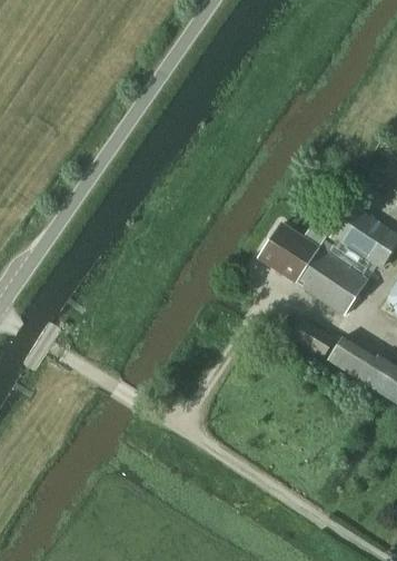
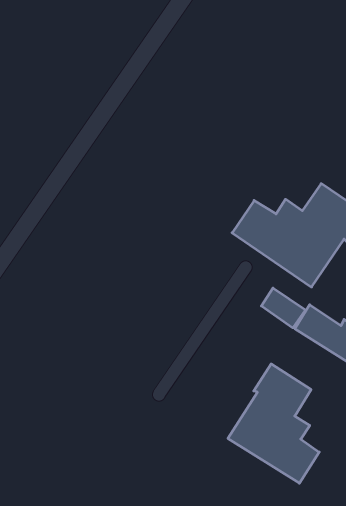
building: none -> [228,364,319,483]

